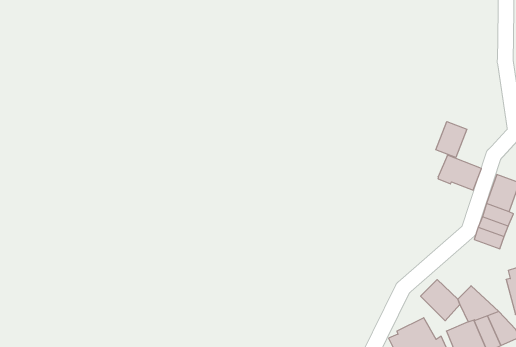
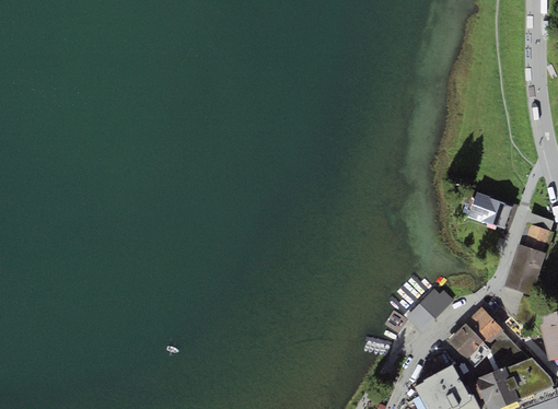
building: [436,122,467,157] -> none
building: none -> [405,287,452,334]
building: none -> [465,307,504,346]

